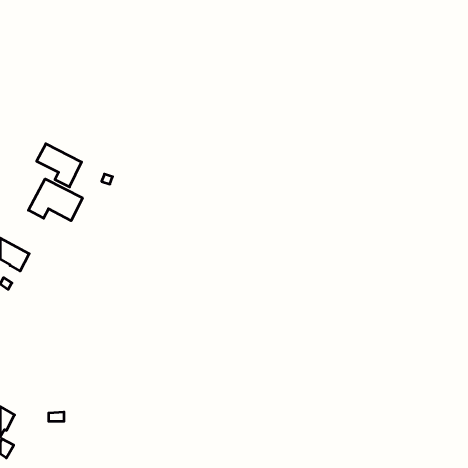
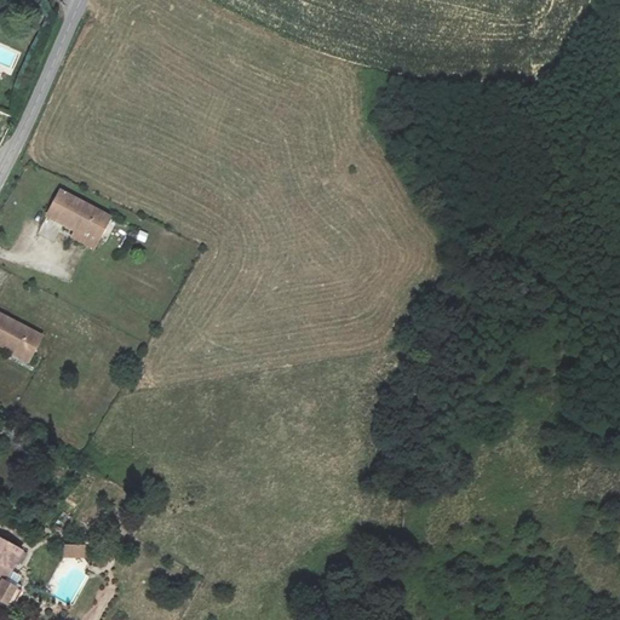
building: [28,179,82,221] -> none

